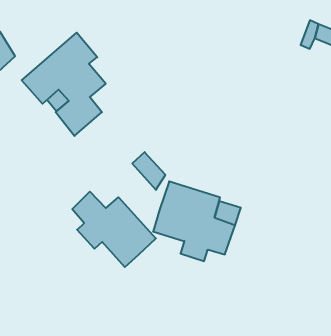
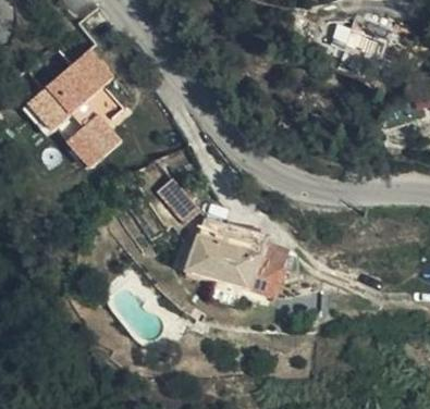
building: [72,192,156,267] -> none

